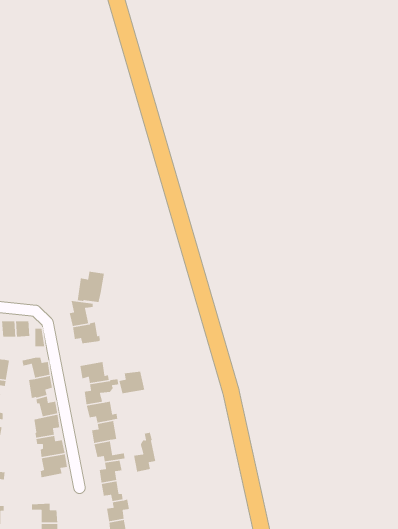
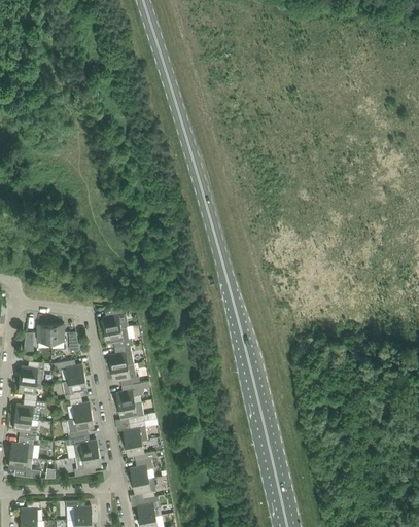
building: [77,271,105,303] -> none
building: [118,371,145,394] -> [108,346,134,368]
building: [133,432,156,473] -> none

